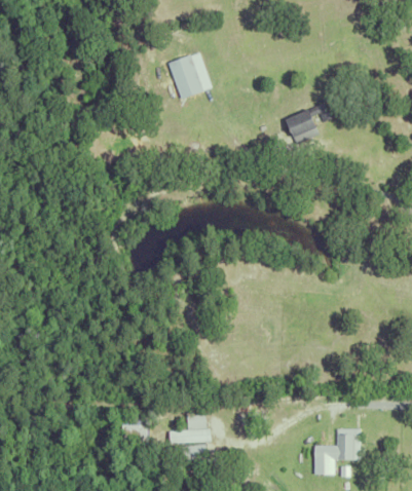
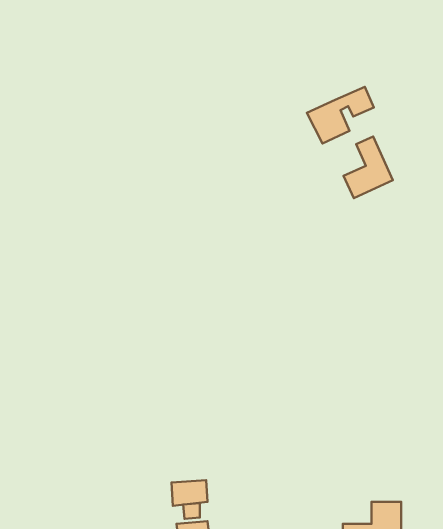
building: [168,54,203,99] -> none
building: none -> [344,137,393,198]

